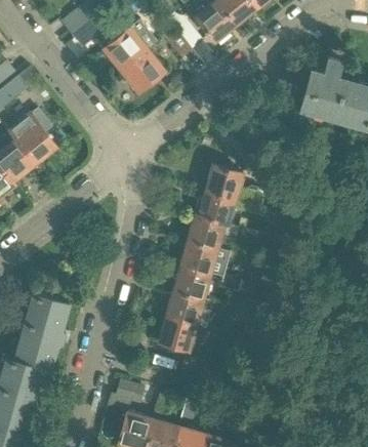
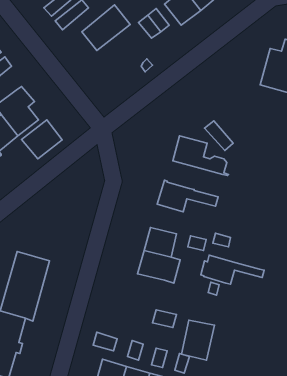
building: [120,50,164,93] -> none
building: none -> [22,120,62,159]
building: [195,193,264,225] -> [201,255,264,284]
building: [179,241,215,274] -> none
building: [158,318,195,352] -> none
building: none -> [182,320,214,360]

